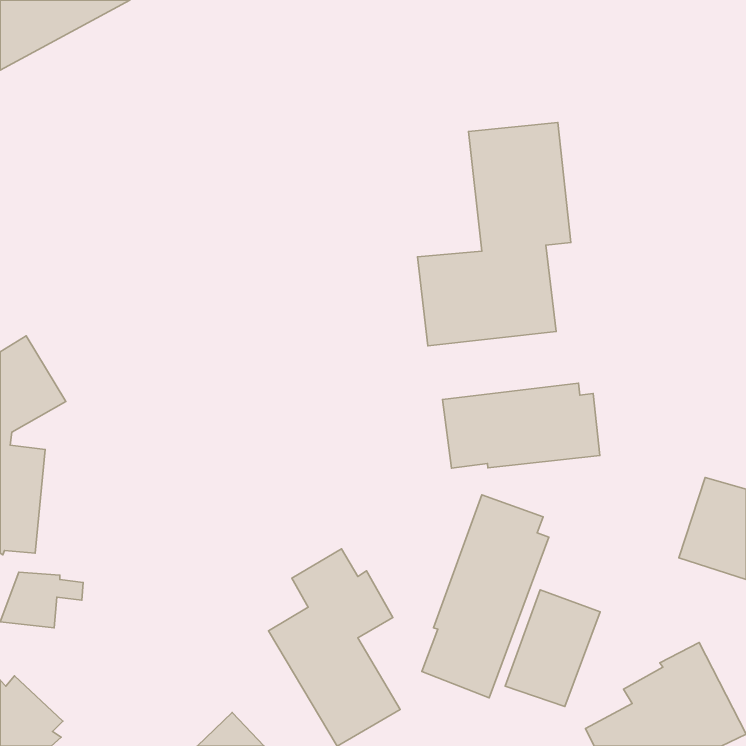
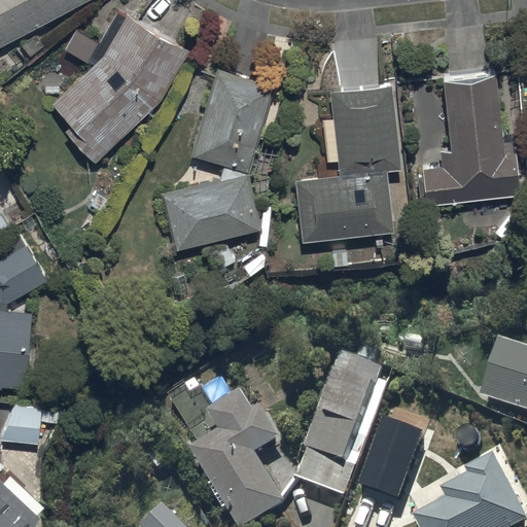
building: none -> [50,15,188,165]
building: none -> [163,69,275,251]
building: none -> [421,71,522,207]
building: [443,383,600,468] -> none

